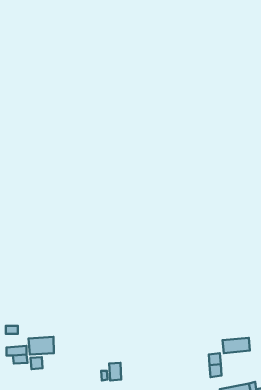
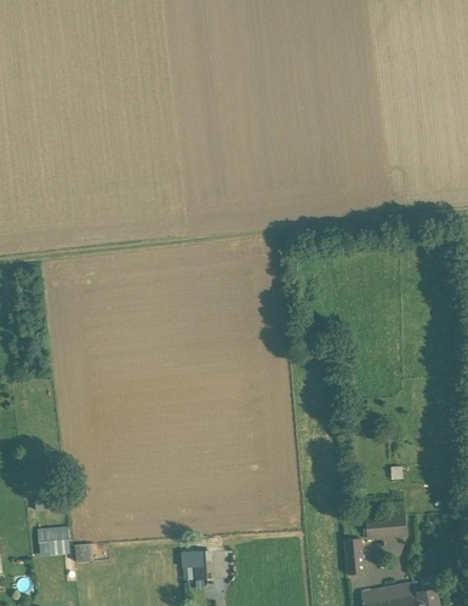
building: [29,337,54,354] -> none

